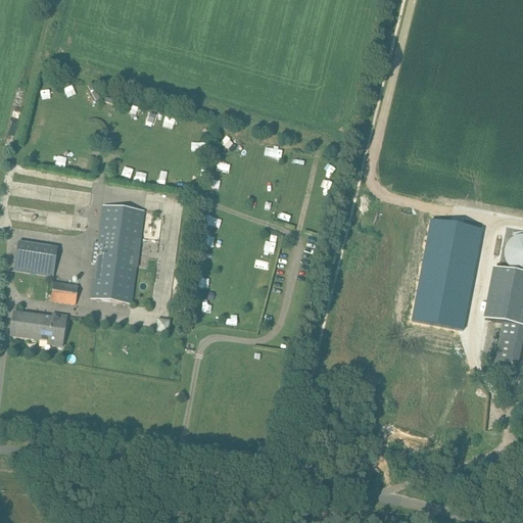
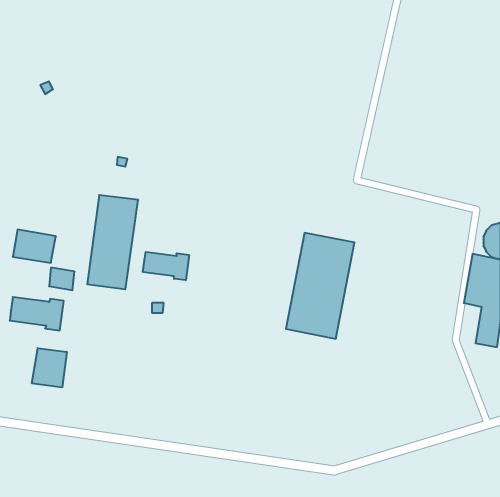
building: [412,218,483,328] -> [286,233,355,339]
building: none -> [143,252,189,280]
building: none -> [32,348,67,387]

